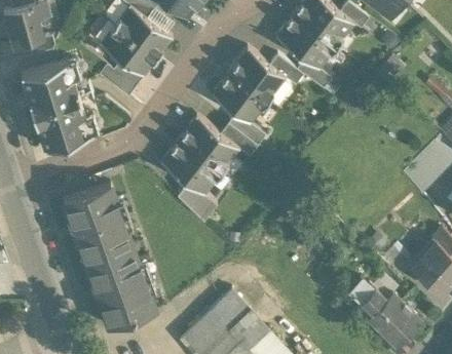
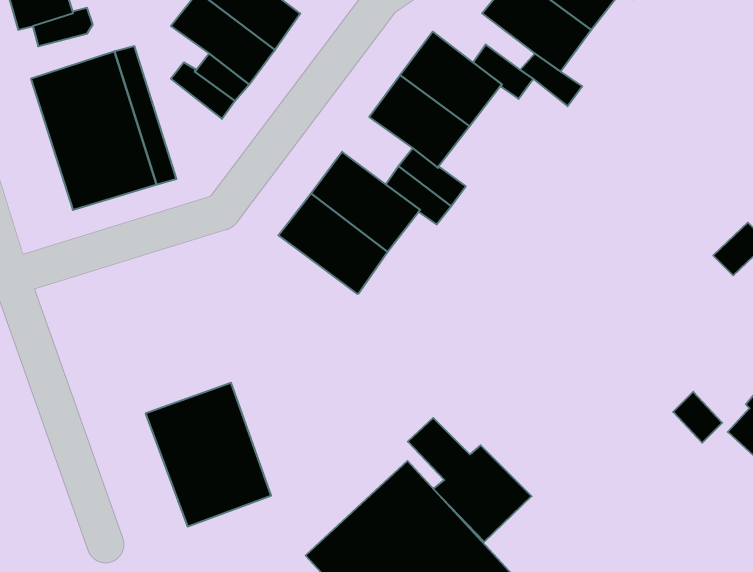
building: [62,183,133,263] -> none
building: [177,183,216,222] -> none
building: [352,277,422,347] -> [408,418,532,542]

